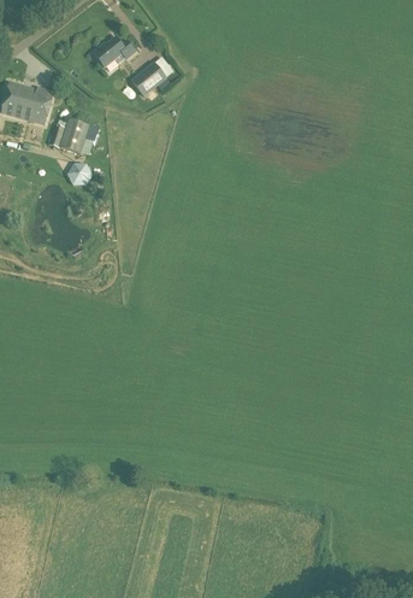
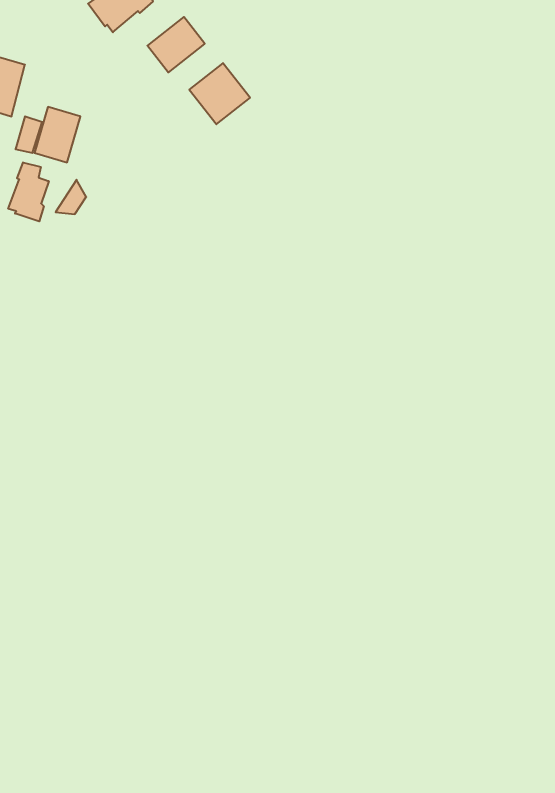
building: none -> [189,63,250,124]
building: none -> [8,162,49,221]

